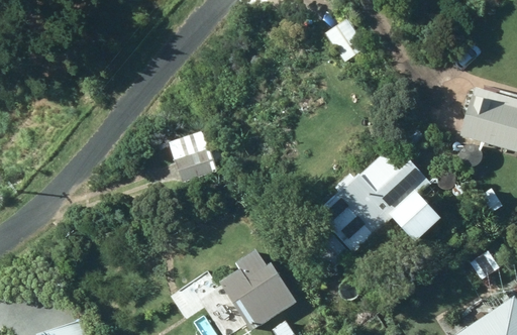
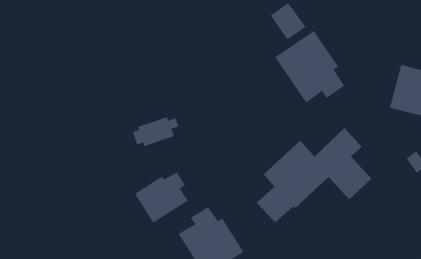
building: none -> [275,30,345,104]
building: none -> [134,171,189,223]

